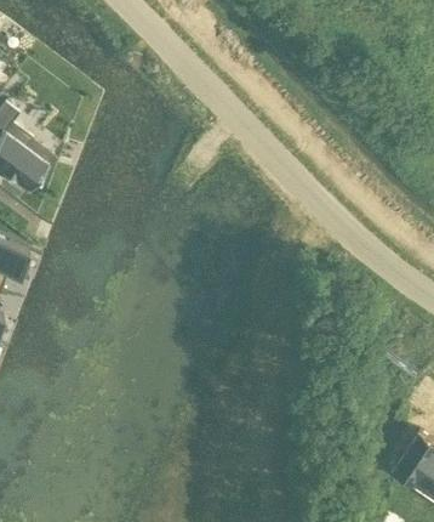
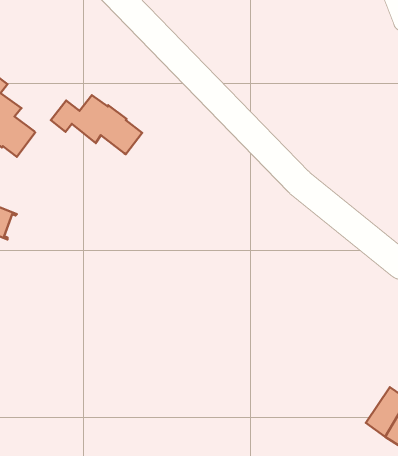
building: none -> [51,95,142,154]

